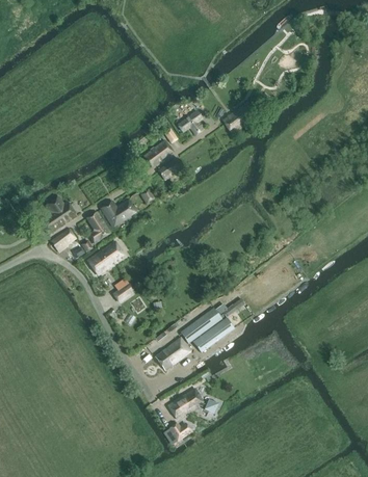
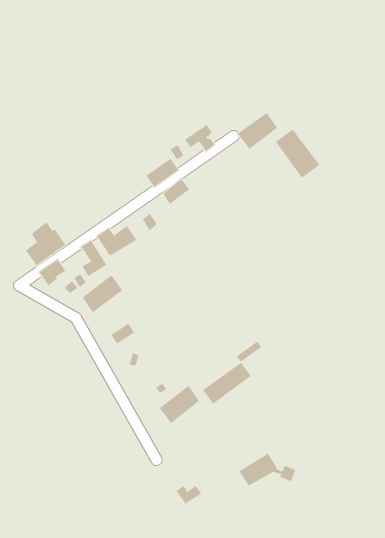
building: none -> [275,129,320,178]
building: [179,307,220,344] -> none
building: [167,389,217,418] -> [238,453,296,487]

